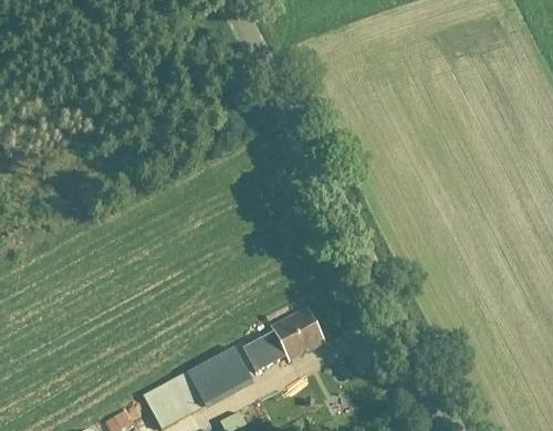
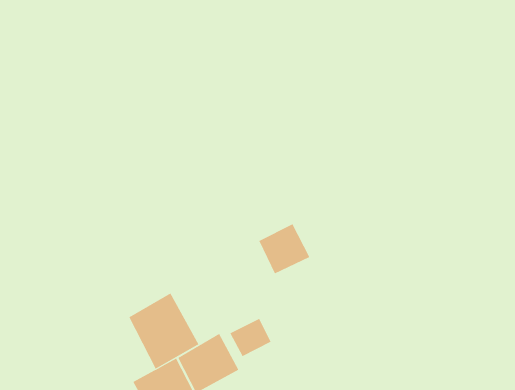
building: none -> [129,292,199,369]
building: [273,305,326,357] -> [258,224,310,274]

